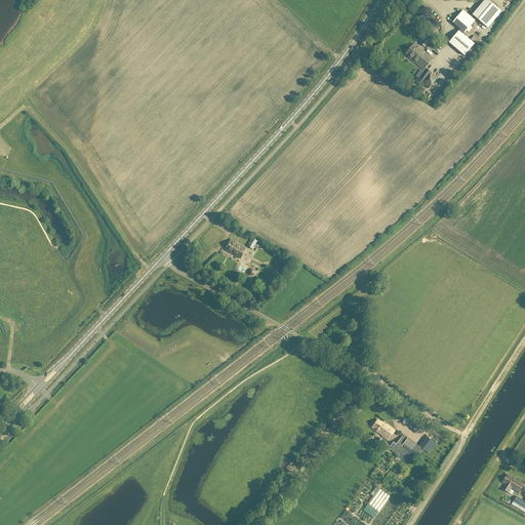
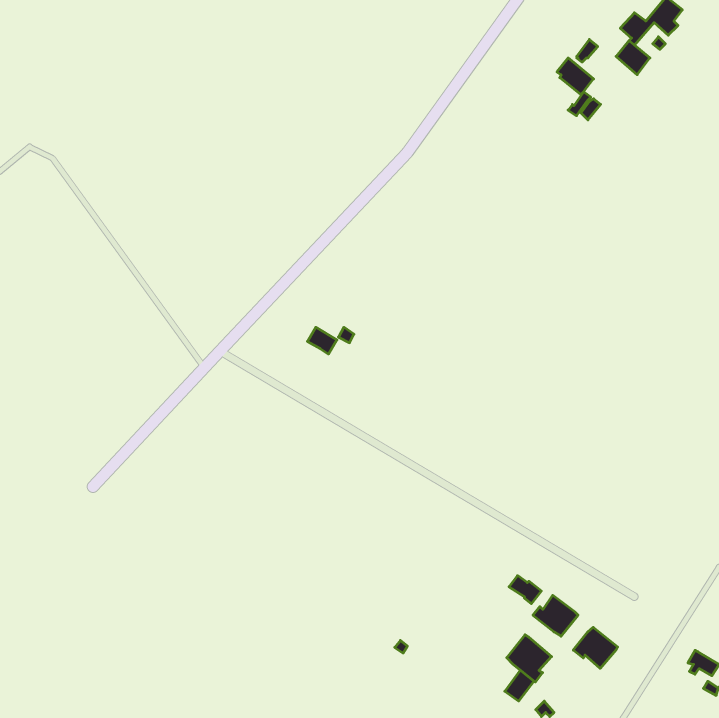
building: none -> [573,627,618,668]
building: none -> [507,635,552,682]

